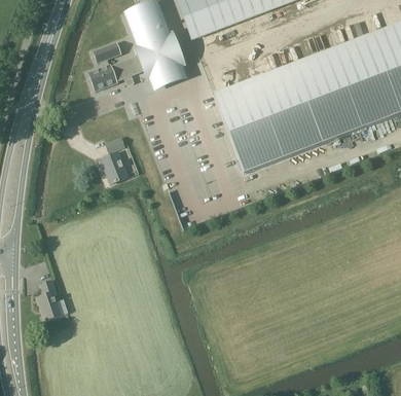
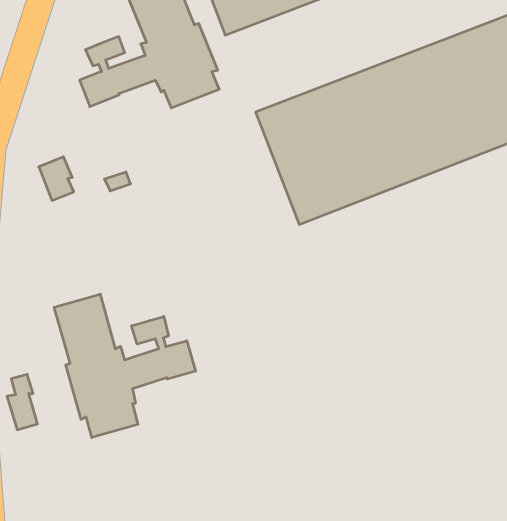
building: [102,150,126,181] -> [39,157,74,200]
building: none -> [54,294,196,438]

